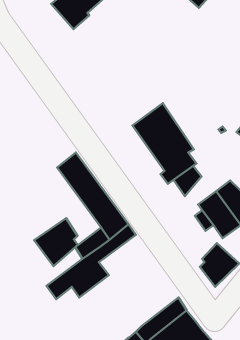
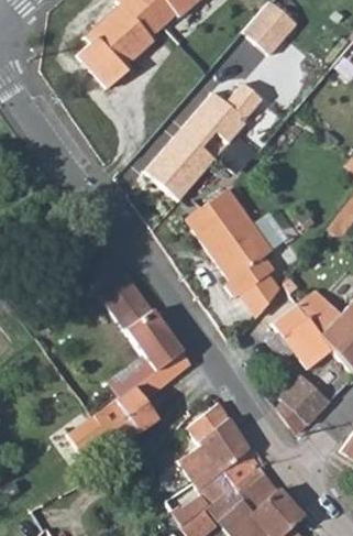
building: none -> [144,89,256,203]
building: [34,218,78,266] -> none
building: none -> [181,402,249,485]

